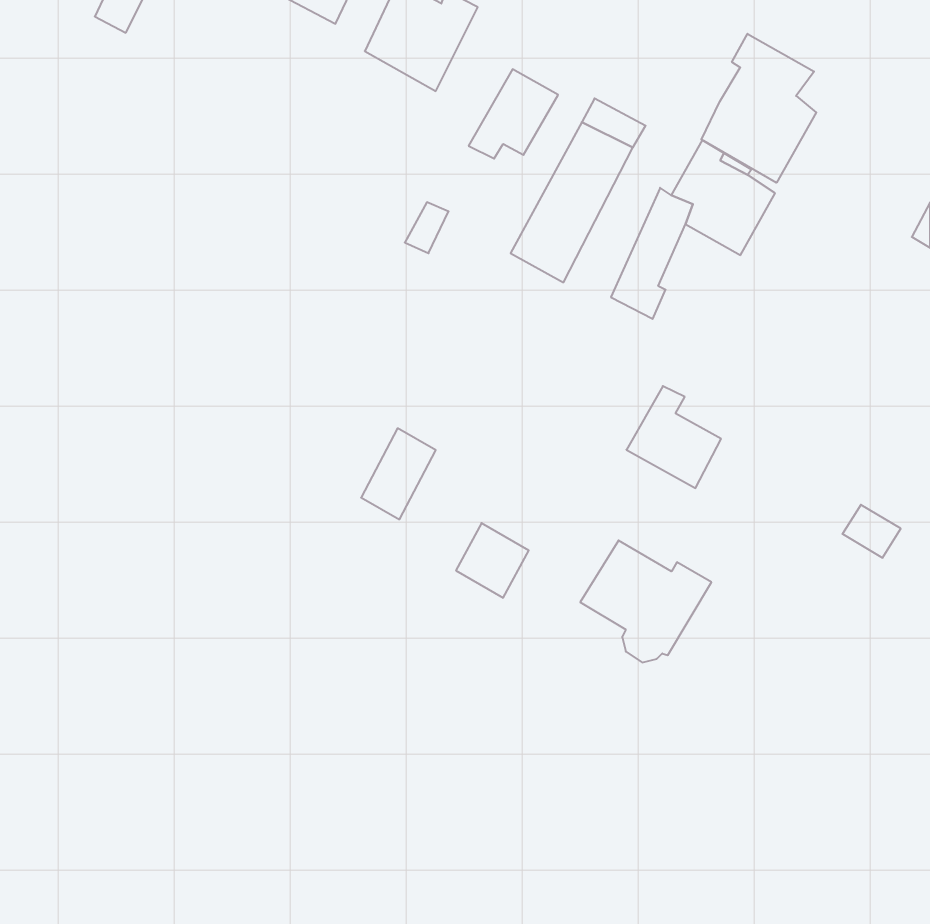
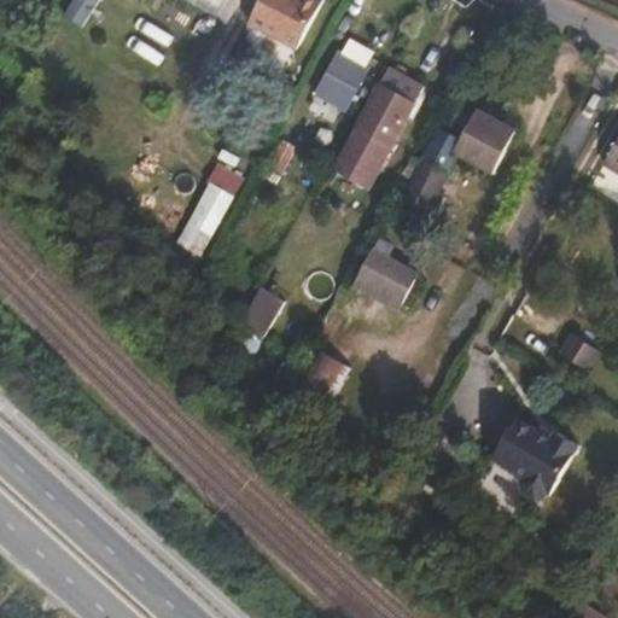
building: [701,34,816,183] -> none
building: none -> [175,175,237,251]
building: [626,386,721,488] -> [355,238,418,305]
building: [580,540,711,662] -> [488,419,575,500]

